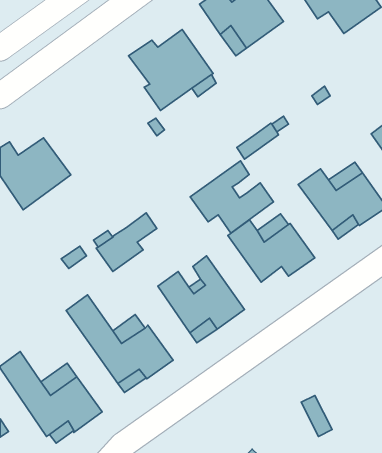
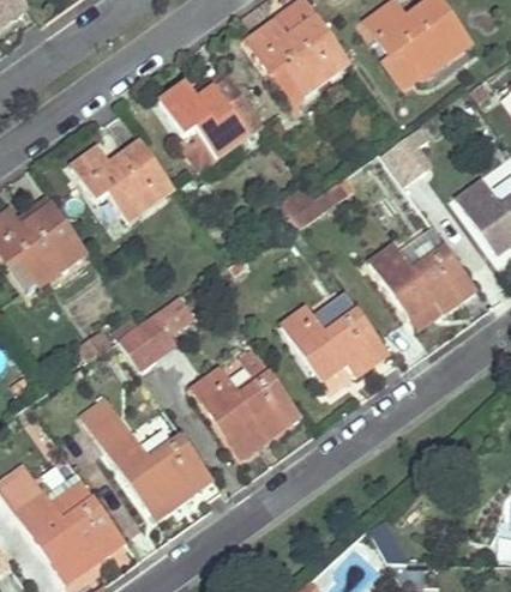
building: none -> [71,140,175,219]
building: [190,161,274,233] -> none

